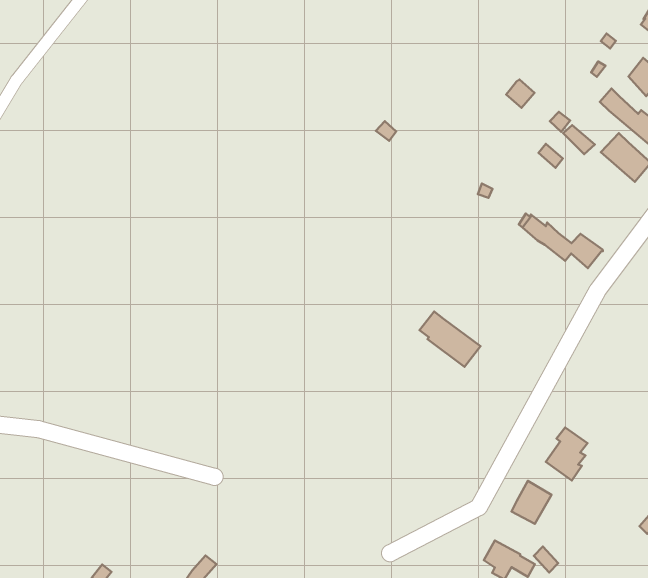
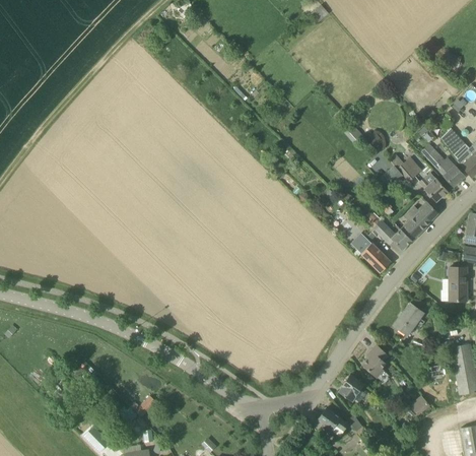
building: none -> [400,201,437,240]
building: [419,311,480,367] -> [355,237,391,272]
building: none -> [394,303,425,335]

